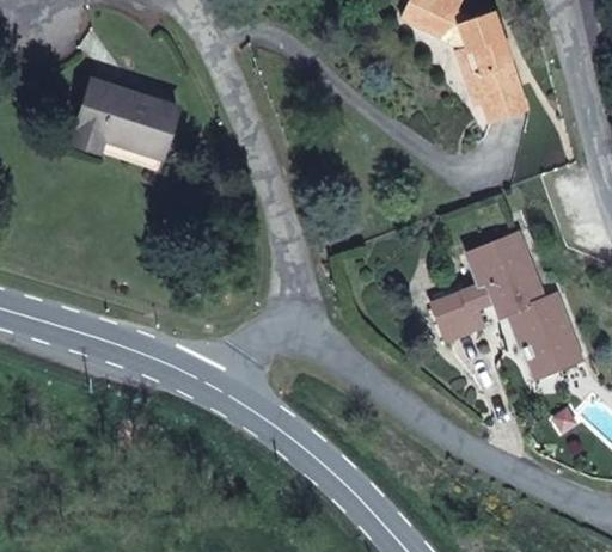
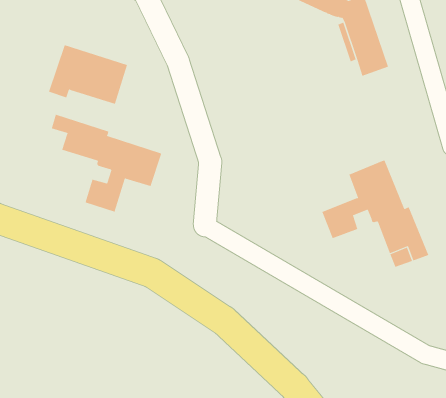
building: none -> [51,114,162,212]

